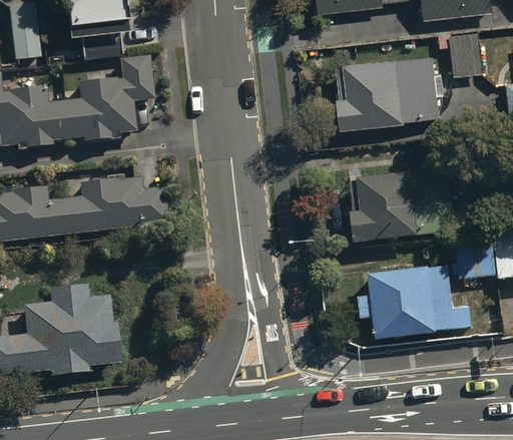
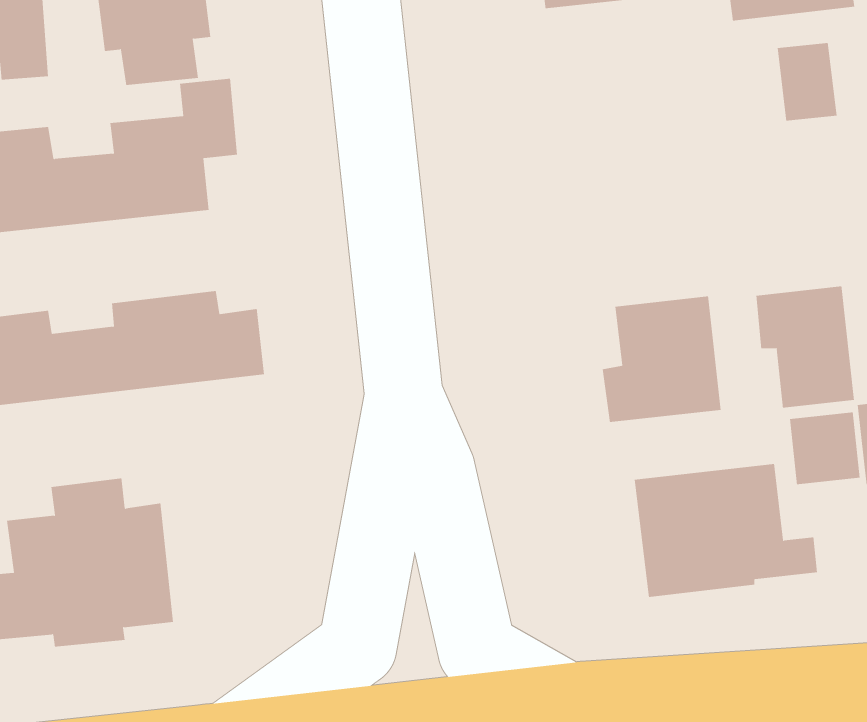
building: [335,57,441,133] -> none
building: none -> [756,286,855,408]

